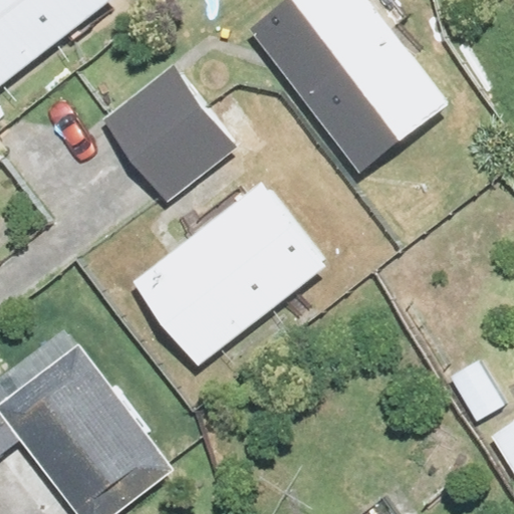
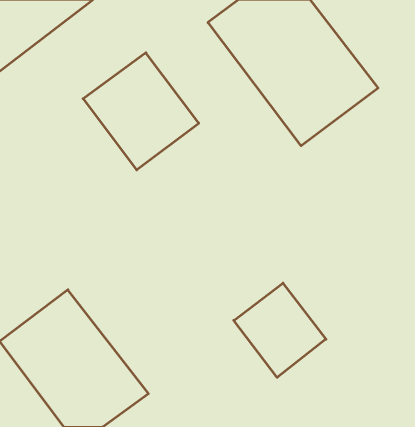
building: [133,182,329,367] -> none
building: none -> [234,283,326,377]

